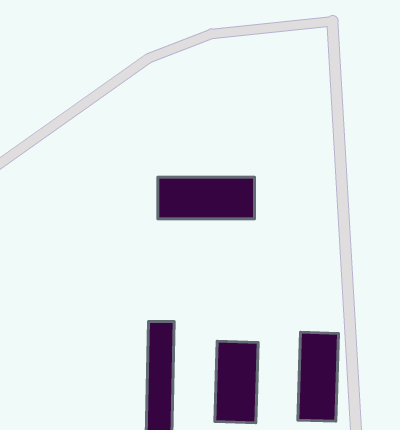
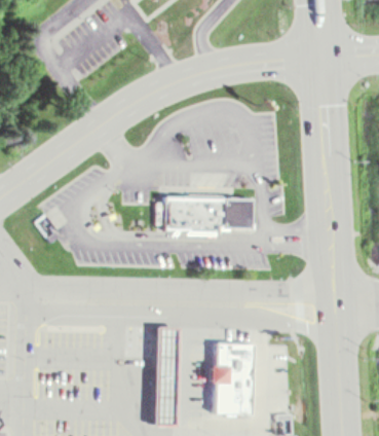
building: [298,332,339,421] -> none

